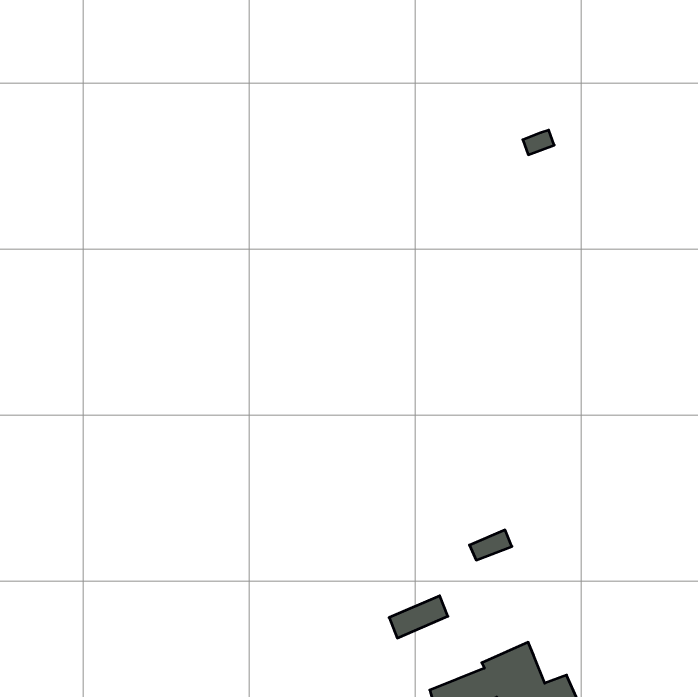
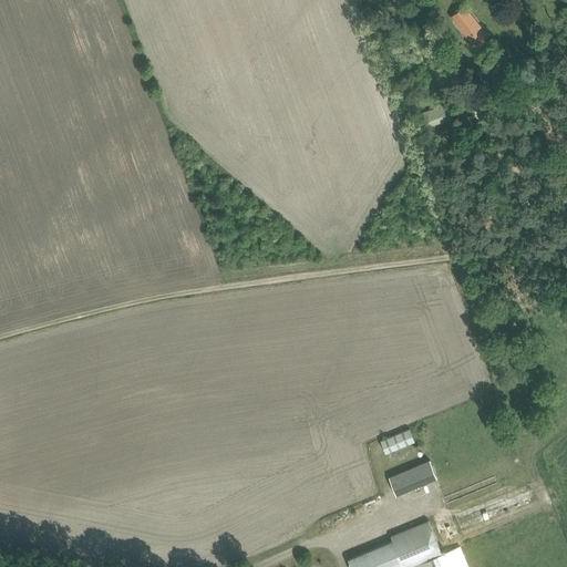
building: none -> [450,8,484,49]
building: [389,596,448,638] -> [388,462,435,496]

